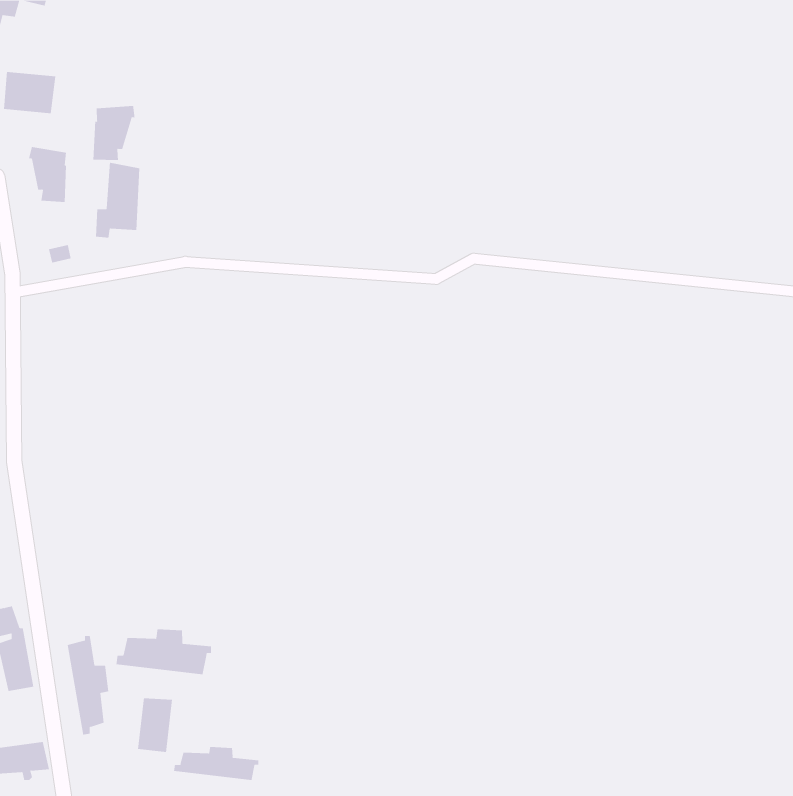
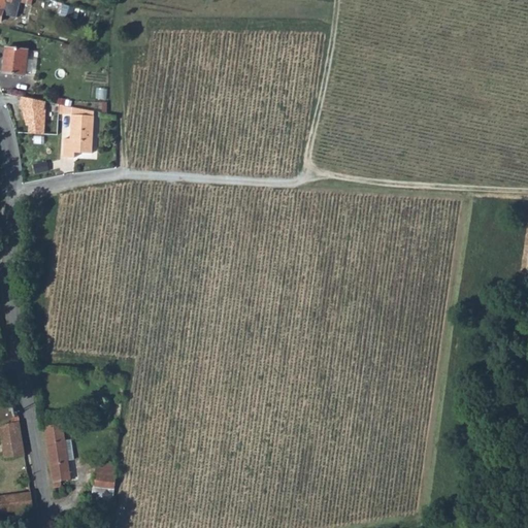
building: [93,105,135,161] -> none
building: [116,629,212,675] -> none
building: [174,746,259,781] -> none

